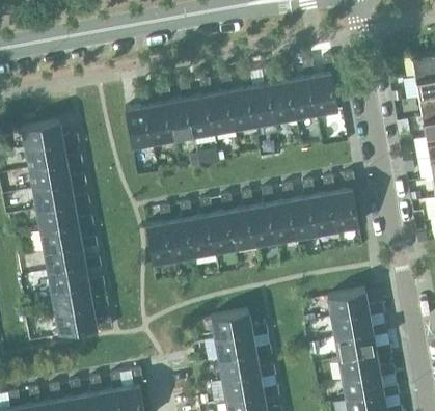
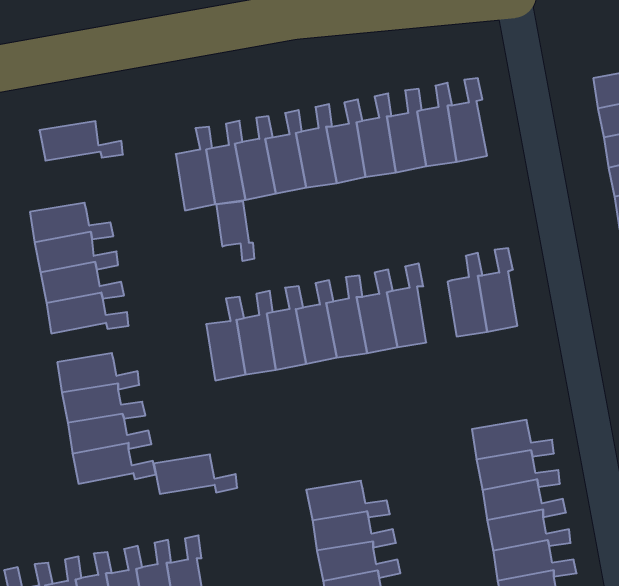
building: [21,125,78,152] -> [39,121,123,161]
building: none -> [217,201,254,261]
building: [290,184,317,241] -> none
building: [39,227,97,254] -> none
building: [210,314,267,341] -> [154,454,237,494]

